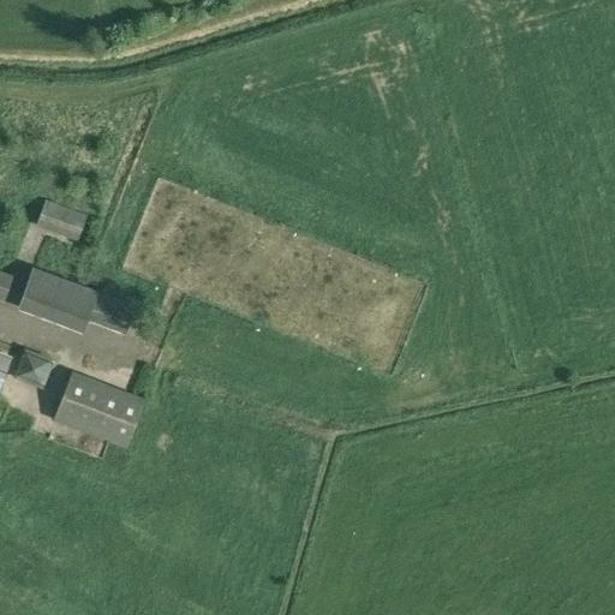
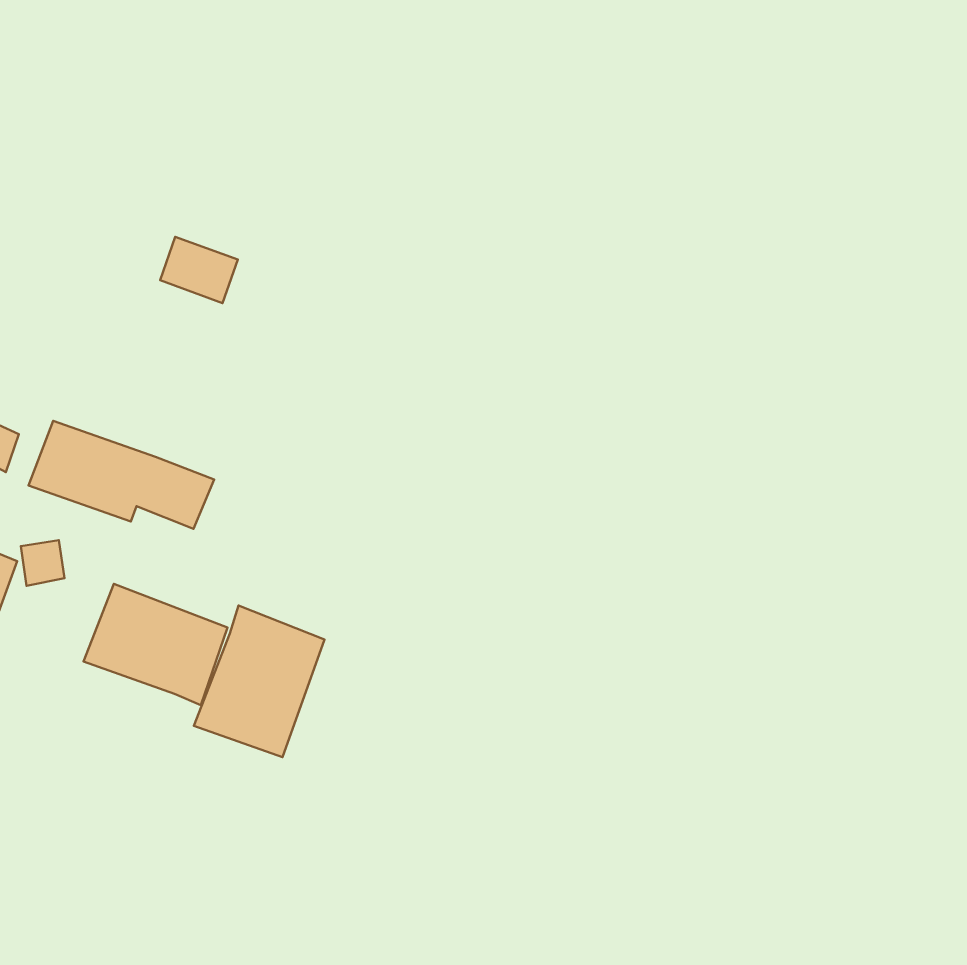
building: [36,201,85,243] -> [160,237,238,303]
building: none -> [194,605,324,757]

